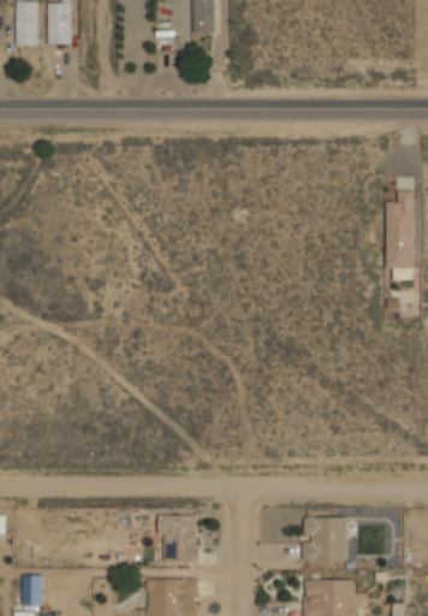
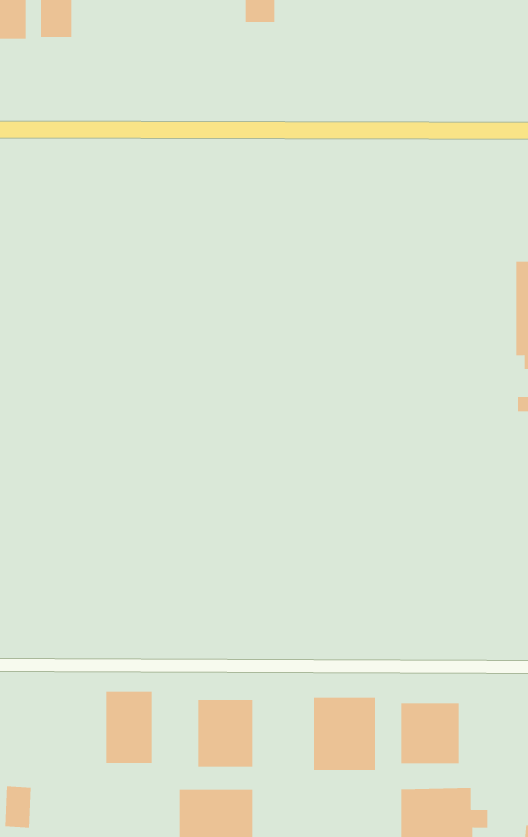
building: none -> [106,691,152,764]
building: none -> [313,697,376,771]

